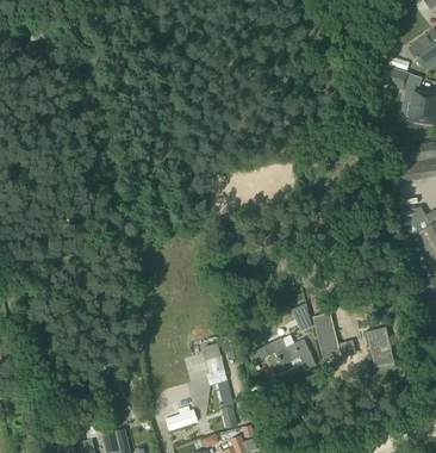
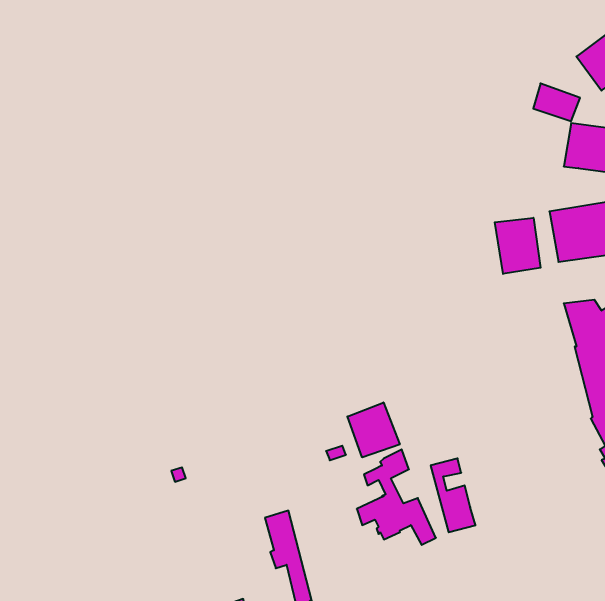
building: none -> [495,218,541,274]
building: none -> [347,402,400,457]
building: [366,328,392,365] -> none

